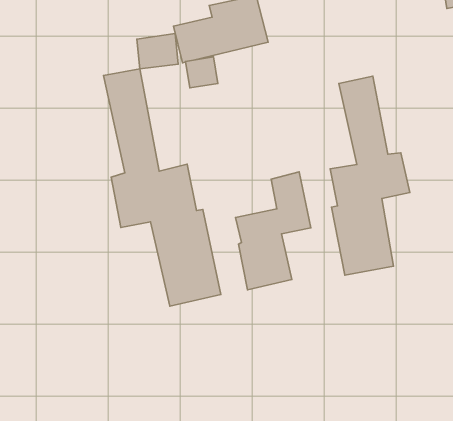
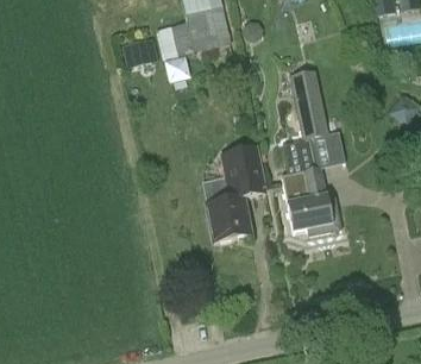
building: [104,69,221,306] -> none

